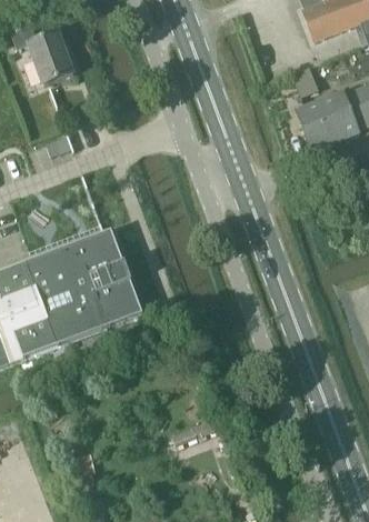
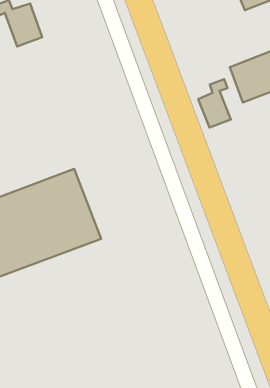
building: none -> [198,79,231,128]

